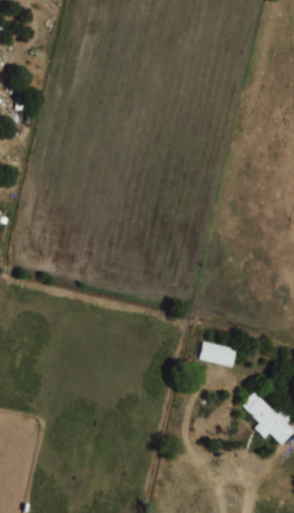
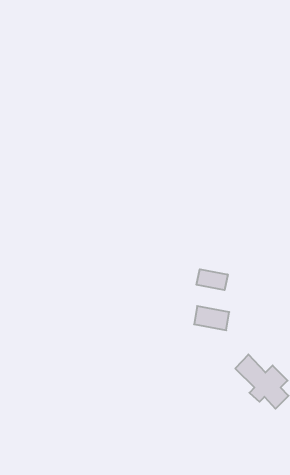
building: none -> [196,269,228,290]

